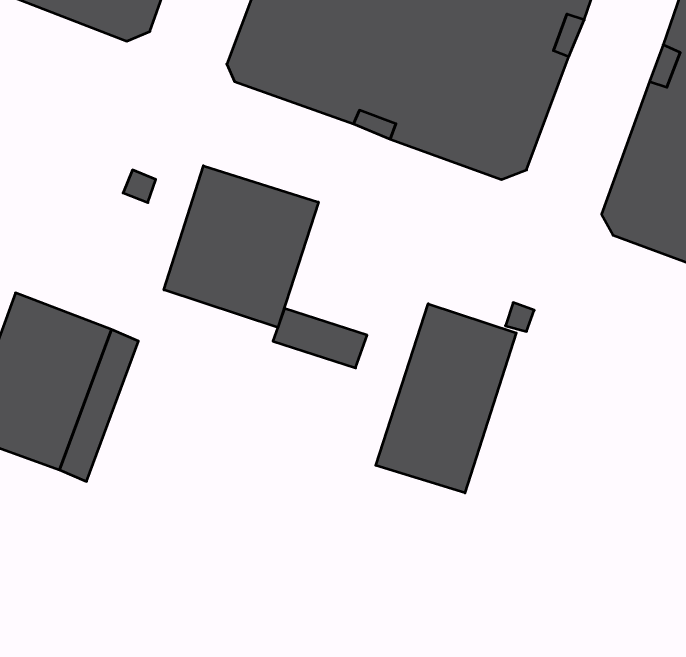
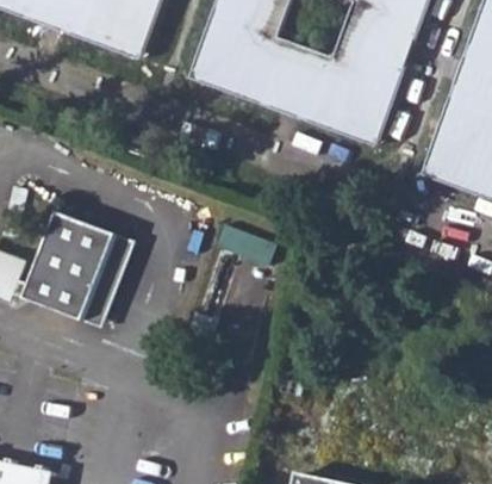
building: [164,166,318,327] -> none
building: [376,304,516,493] -> none

